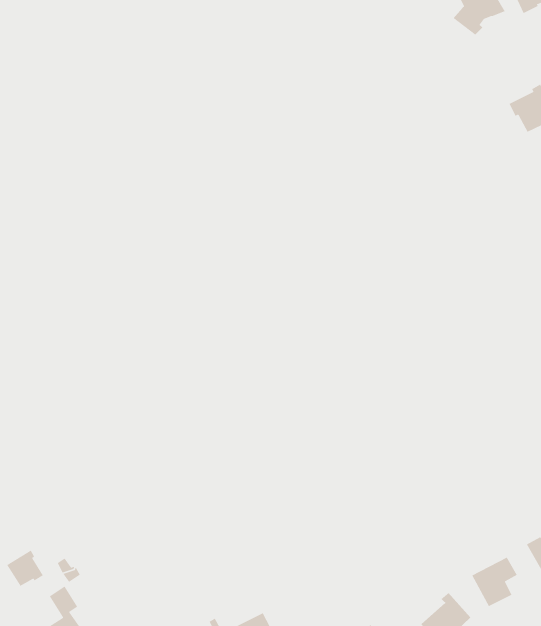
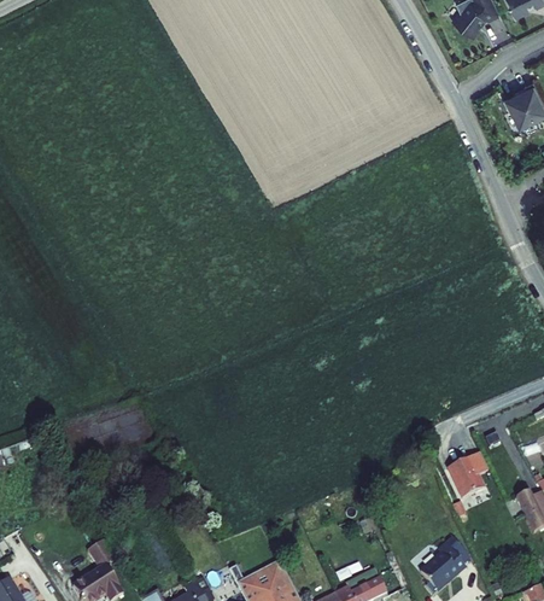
building: [6,550,44,587] -> none
building: [471,557,518,607] -> [449,453,491,498]

